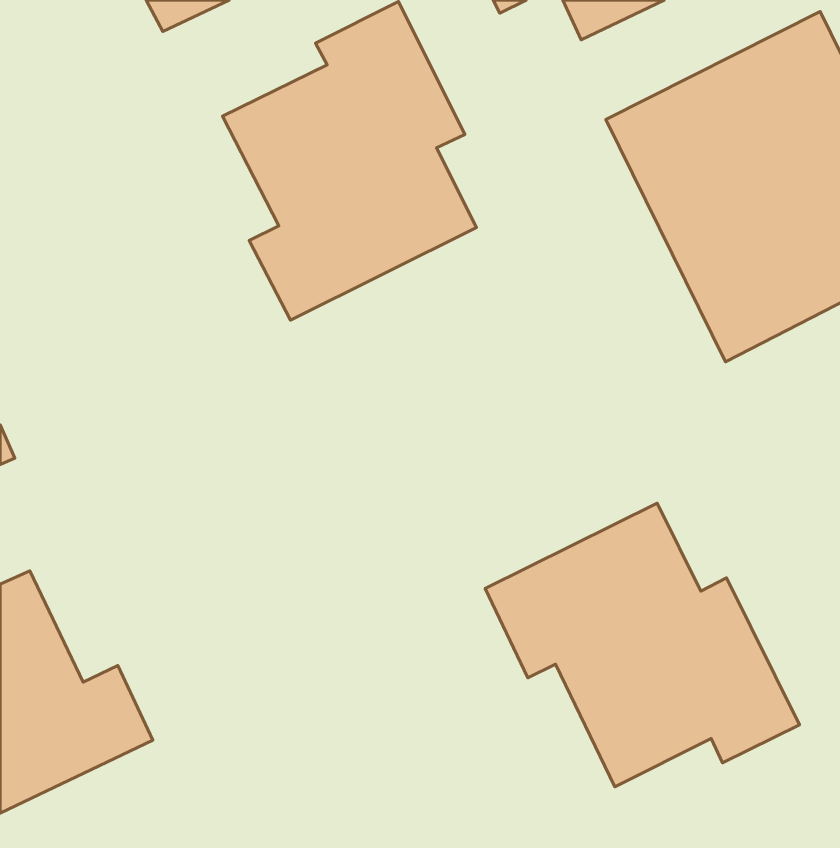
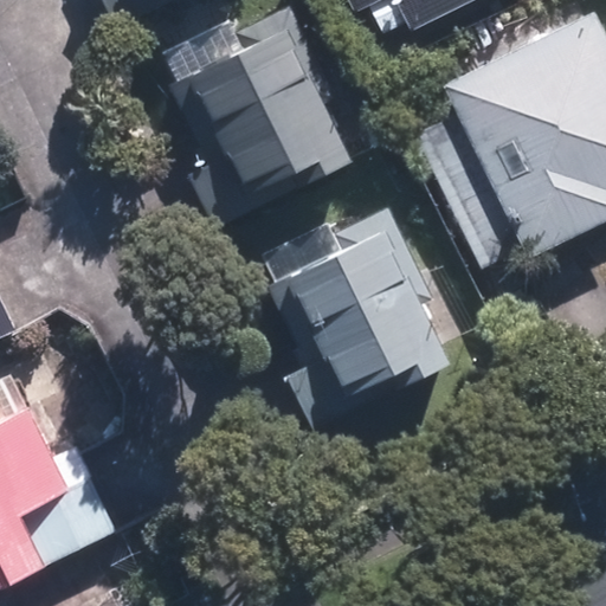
building: none -> [263,204,444,430]
building: [485,503,799,787] -> none

